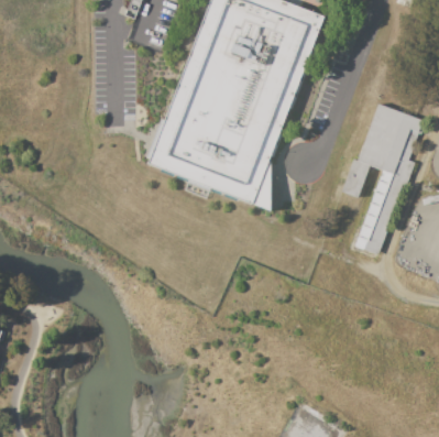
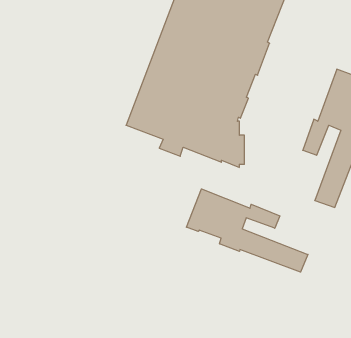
building: none -> [186,189,308,272]

